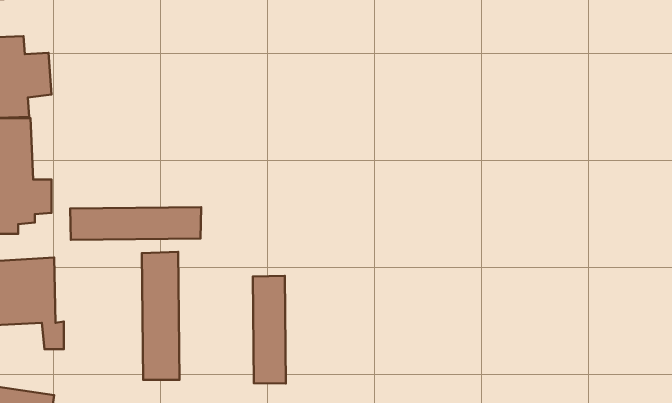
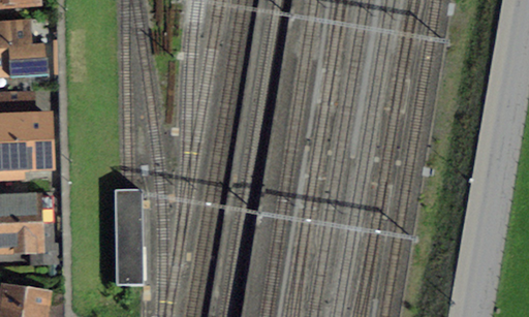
building: [70,207,201,240] -> none
building: [253,276,286,384] -> none

